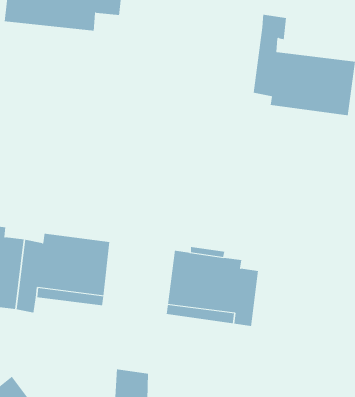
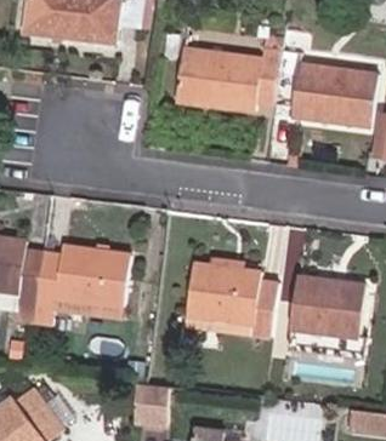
building: none -> [175,36,282,113]
building: none -> [290,275,365,338]

